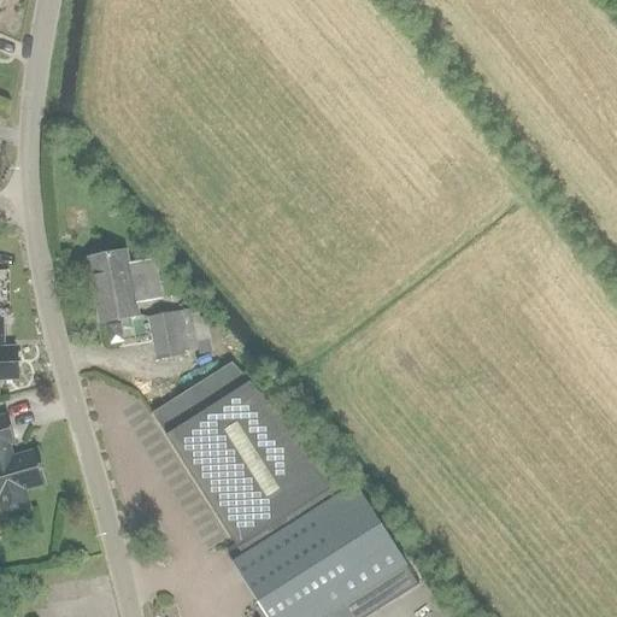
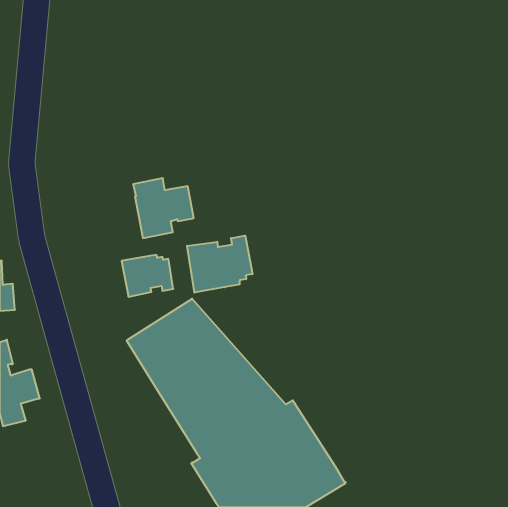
building: [88,249,161,322] -> [133,178,194,238]
building: none -> [187,236,252,293]

